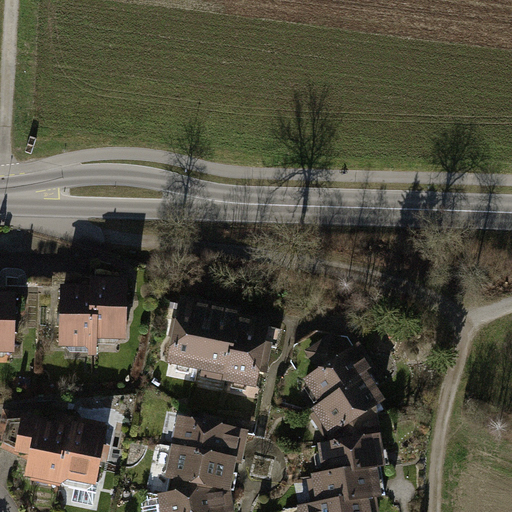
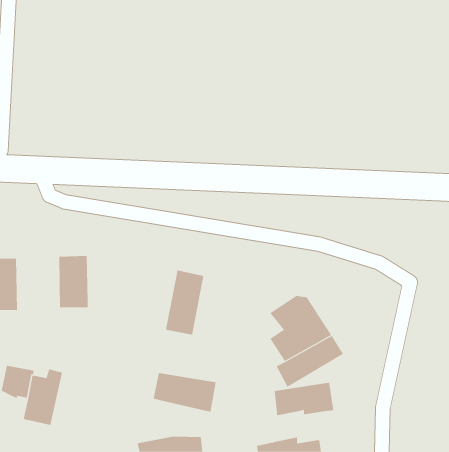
building: [99,282,132,340] -> none
building: [157,299,200,367] -> none
building: [218,312,263,387] -> none
building: [59,424,104,505] -> none
building: [166,451,233,494] -> none
building: [304,464,375,501] -> none

